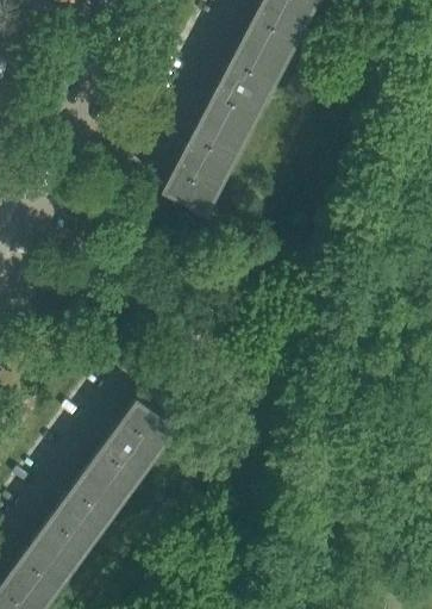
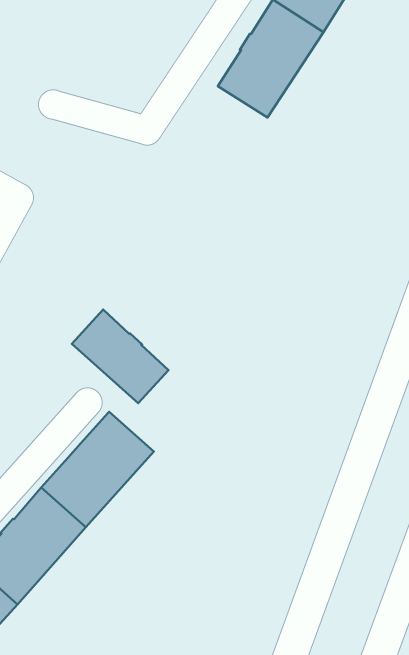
building: [164,112,249,211] -> none
building: none -> [72,309,169,403]

